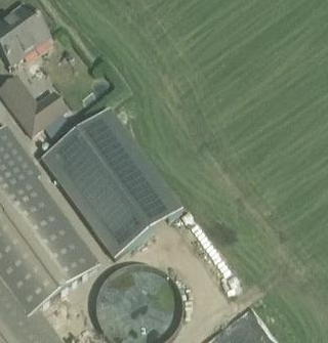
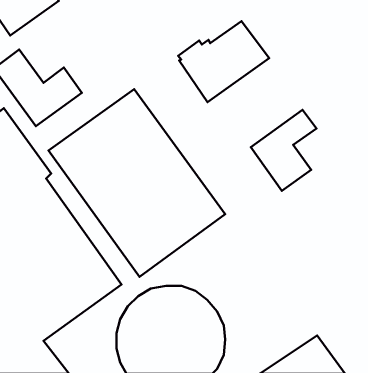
building: none -> [178,21,269,102]
building: none -> [251,110,317,191]

